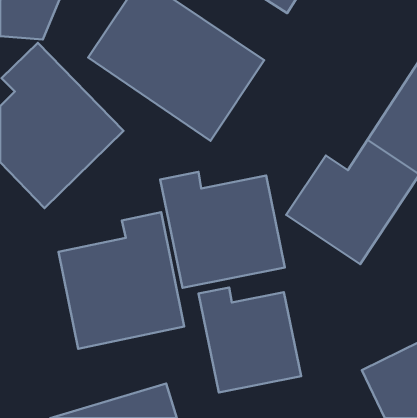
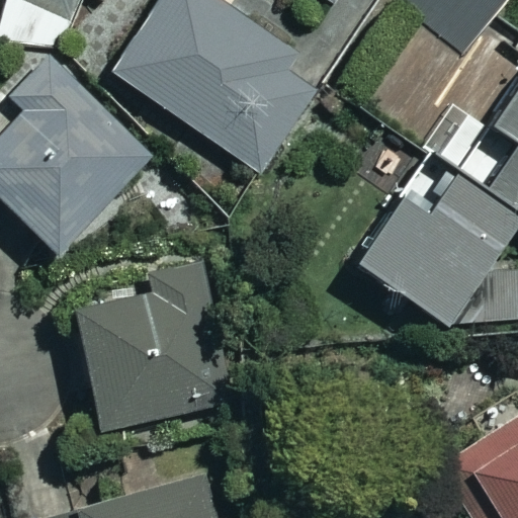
building: [160,172,285,288] -> none
building: [199,287,301,392] -> none

